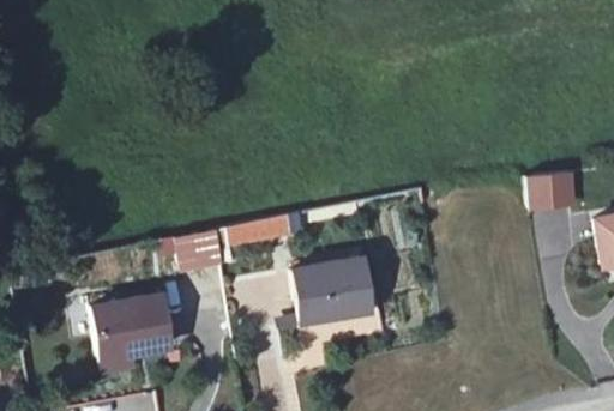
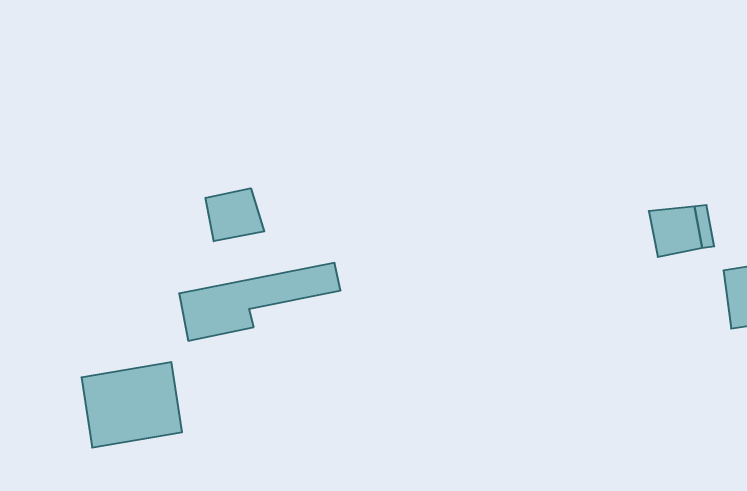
building: none -> [206,188,264,241]
building: [295,258,375,325] -> none

